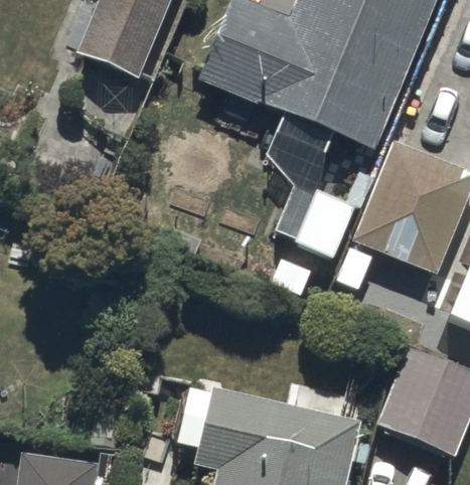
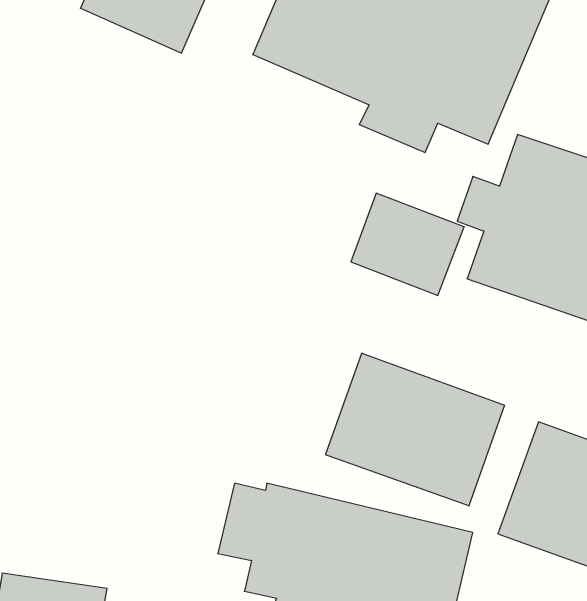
building: none -> [325,353,504,506]

